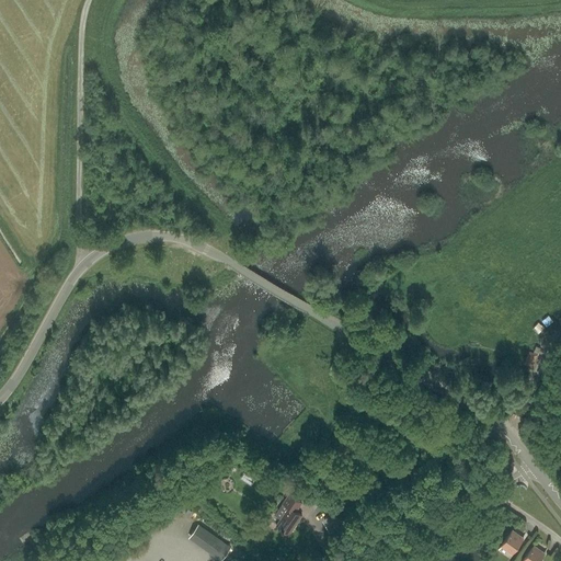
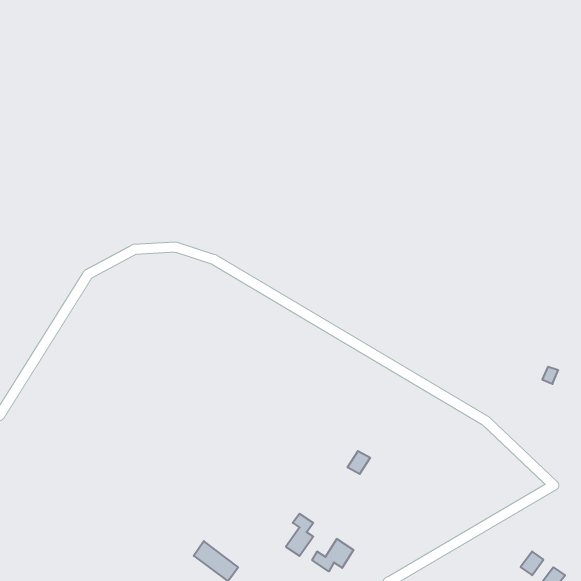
building: none -> [312,539,353,571]

